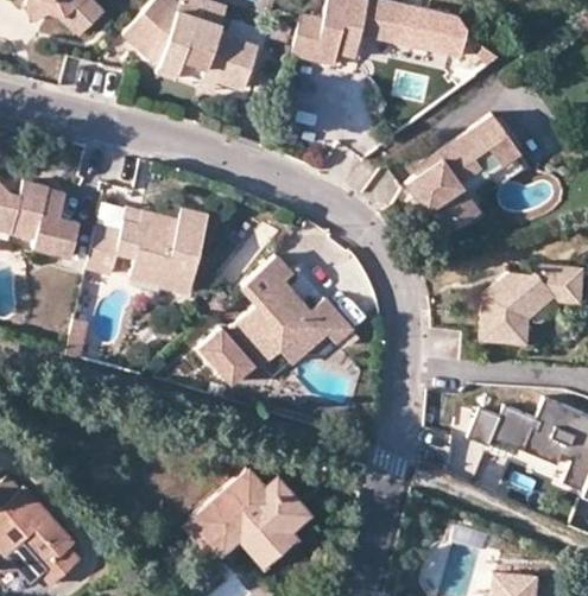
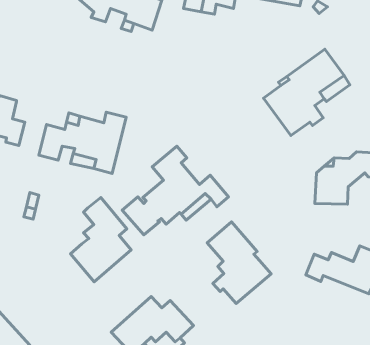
building: [48,191,83,259] -> none
building: none -> [71,198,131,282]
building: none -> [207,222,271,303]

